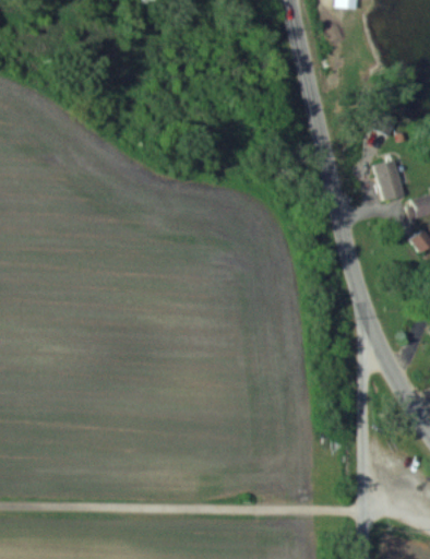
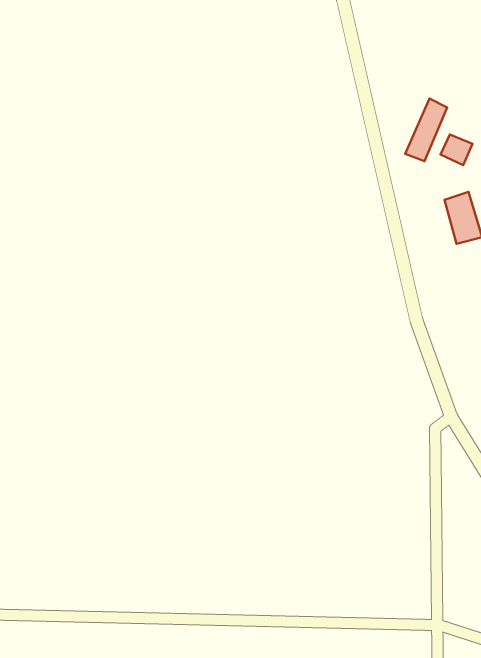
building: none -> [405,98,447,161]

